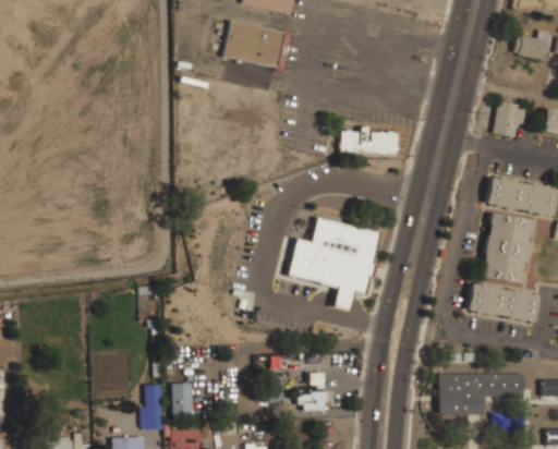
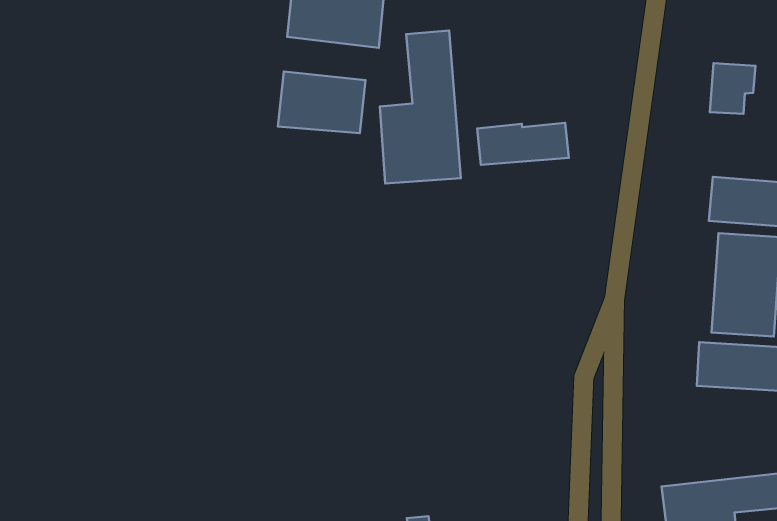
building: none -> [380,30,461,183]
building: none -> [278,72,365,133]
building: [288,217,379,308] -> none

